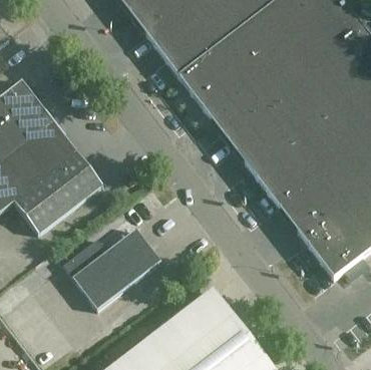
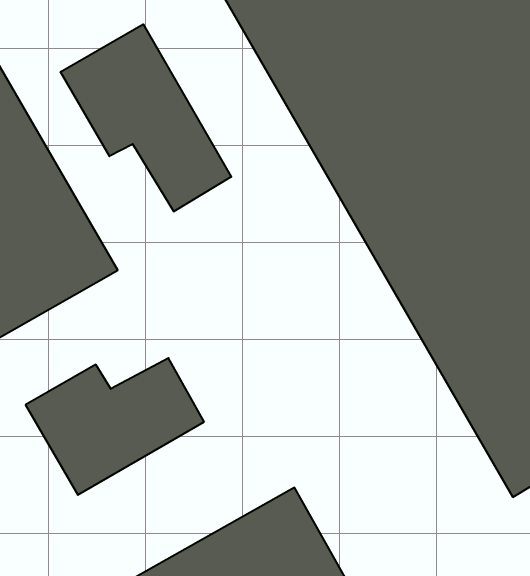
building: none -> [61,24,231,212]

